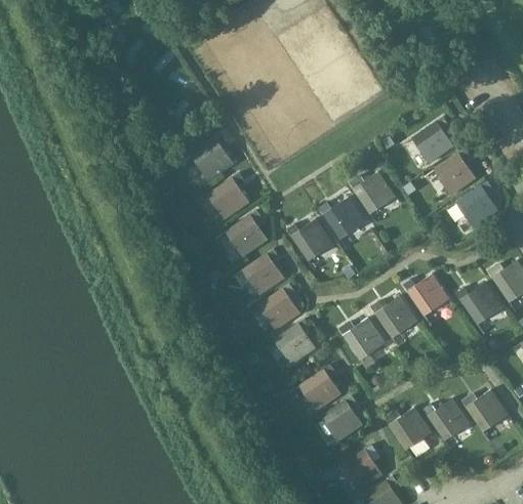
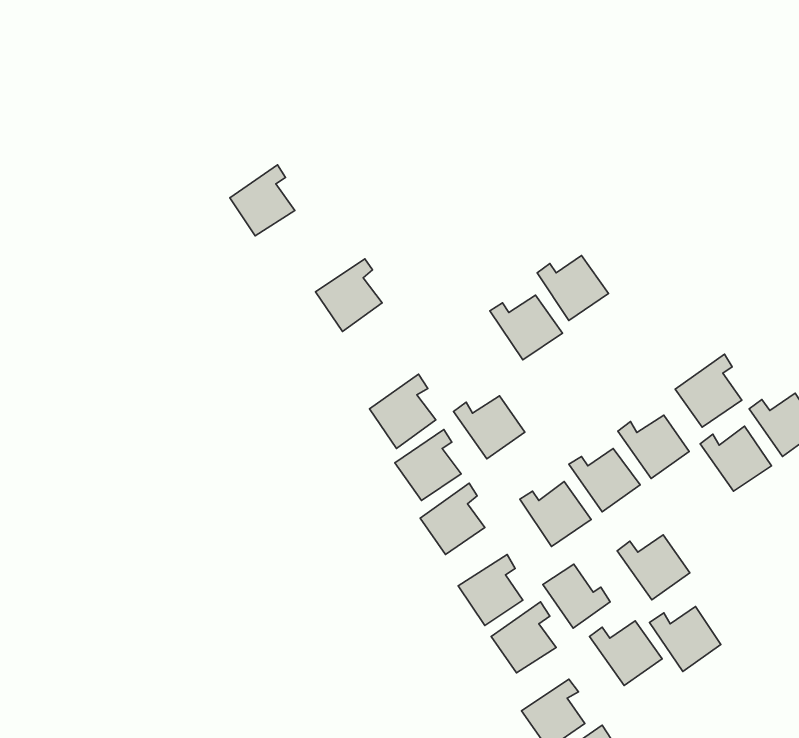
building: [411,117,453,163] -> none
building: [191,134,233,180] -> [230,165,295,236]
building: [434,149,476,195] -> none
building: [455,180,498,227] -> [675,354,742,427]
building: [225,210,267,256] -> none
building: [287,219,333,260] -> [454,396,525,459]
building: none -> [543,564,610,628]
building: [460,389,508,431] -> [617,535,690,600]

